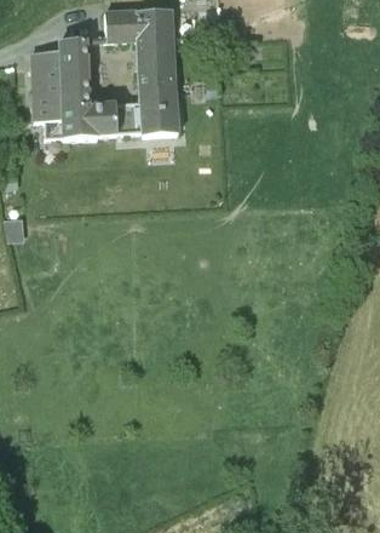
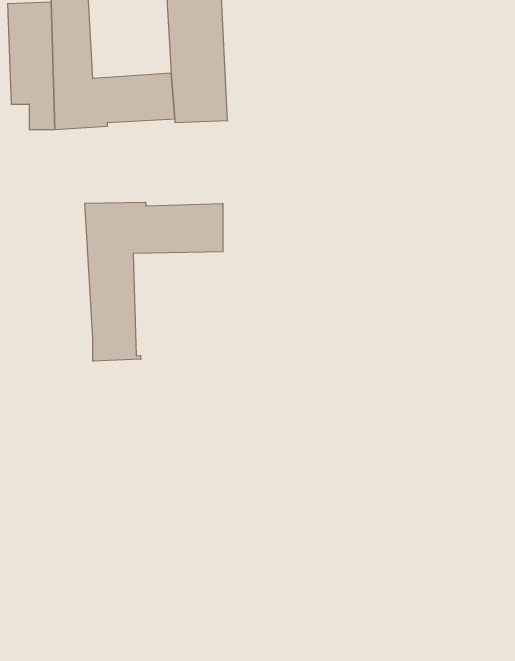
building: none -> [85,202,223,361]

